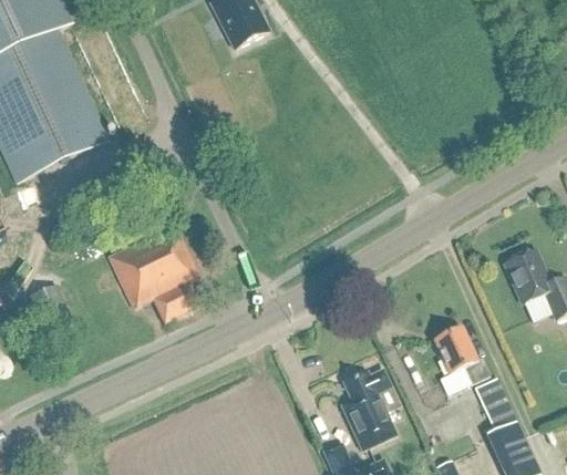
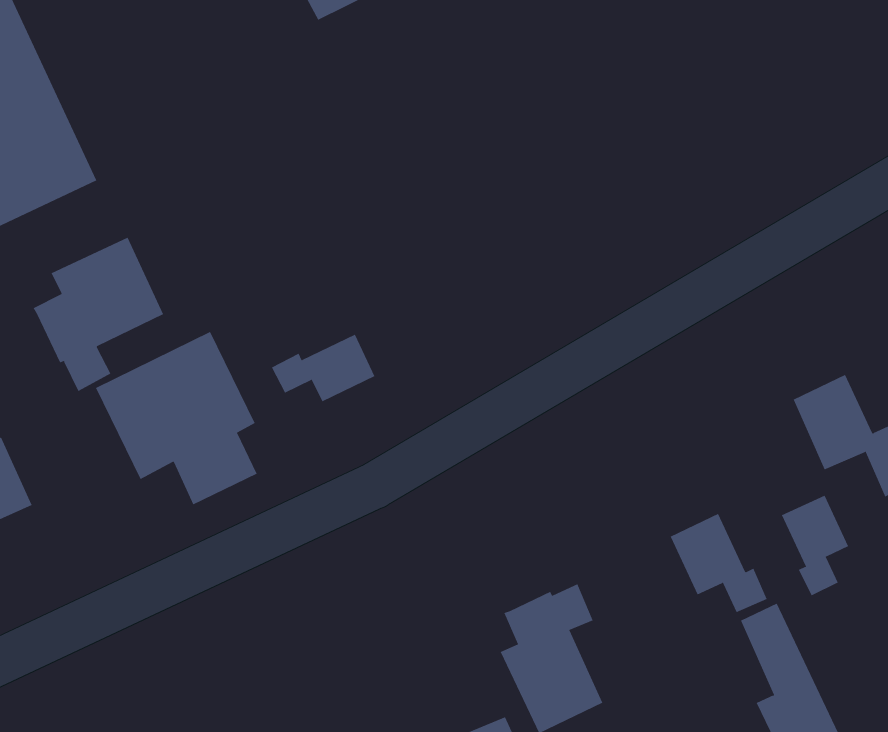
building: none -> [33,237,164,392]
building: none -> [271,334,375,402]
building: none -> [781,495,849,596]

